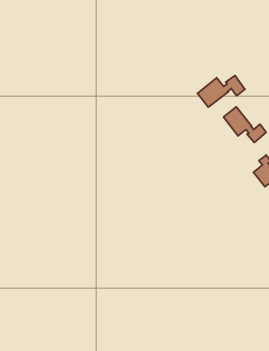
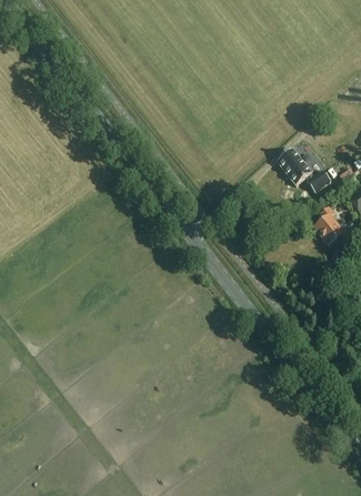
building: [197,76,245,107] -> none

